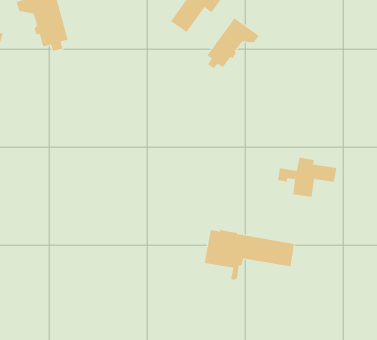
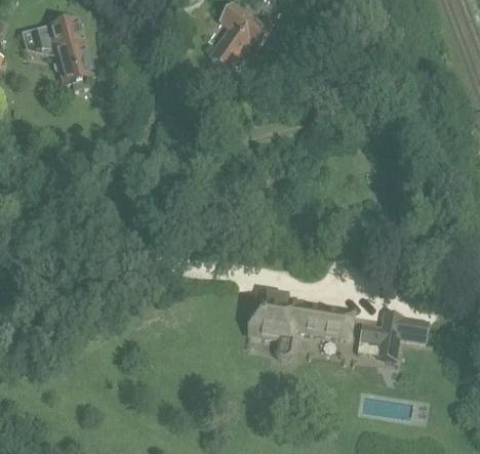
building: [207,17,259,69] -> none
building: [277,157,337,197] -> [359,312,428,358]

